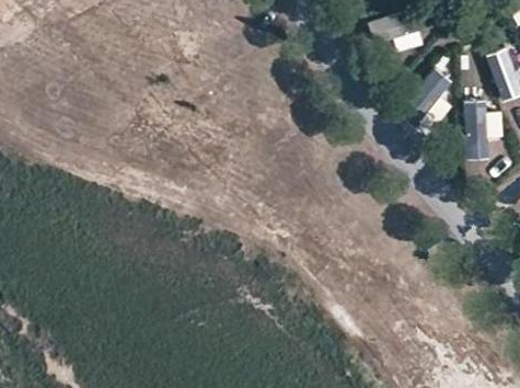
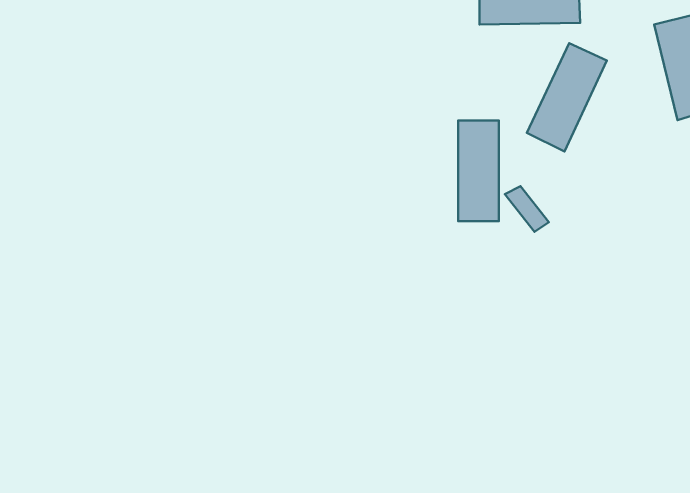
building: [462,85,490,156] -> [458,121,499,221]

